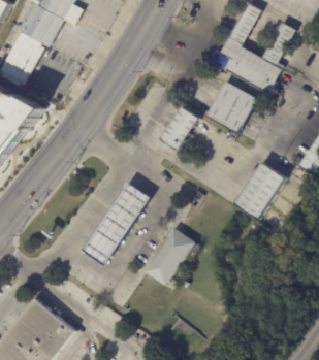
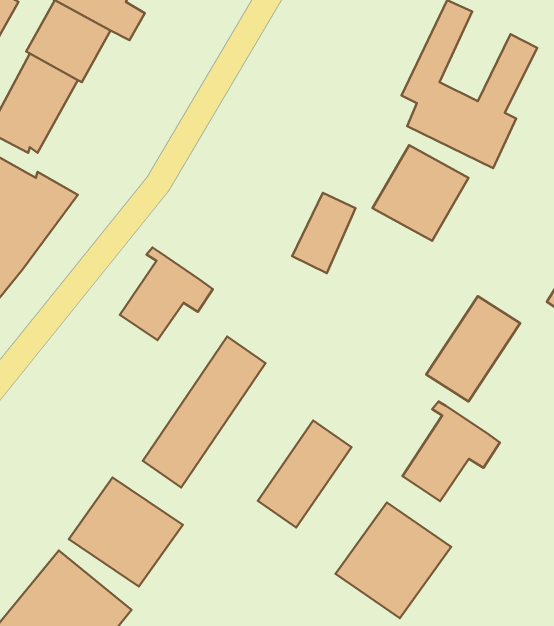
building: none -> [120,248,213,340]
building: none -> [402,401,500,501]
building: none -> [69,477,183,587]
building: none -> [336,502,451,618]

